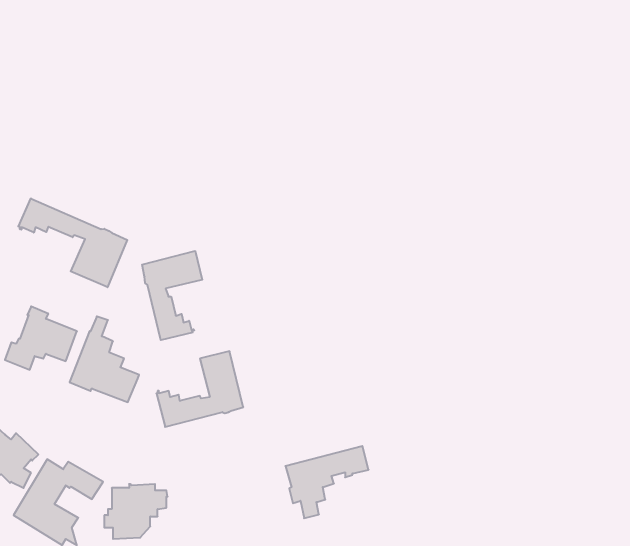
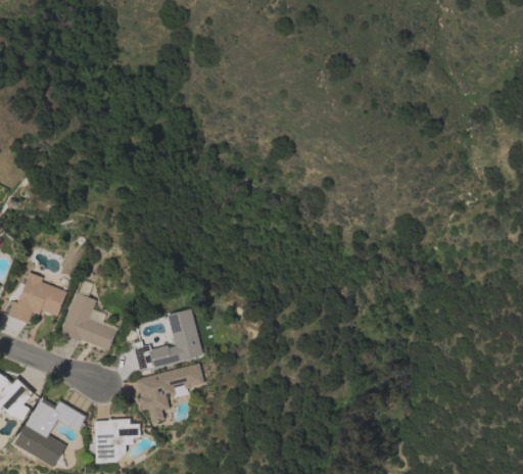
building: [18,198,127,287] -> none
building: [142,251,202,340] -> none
building: [285,446,369,518] -> [135,364,203,423]

